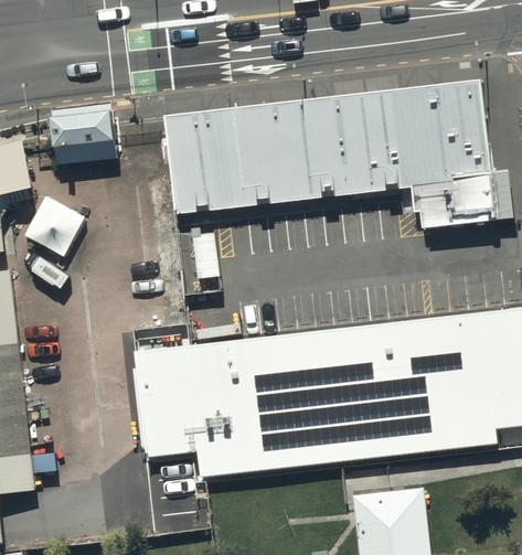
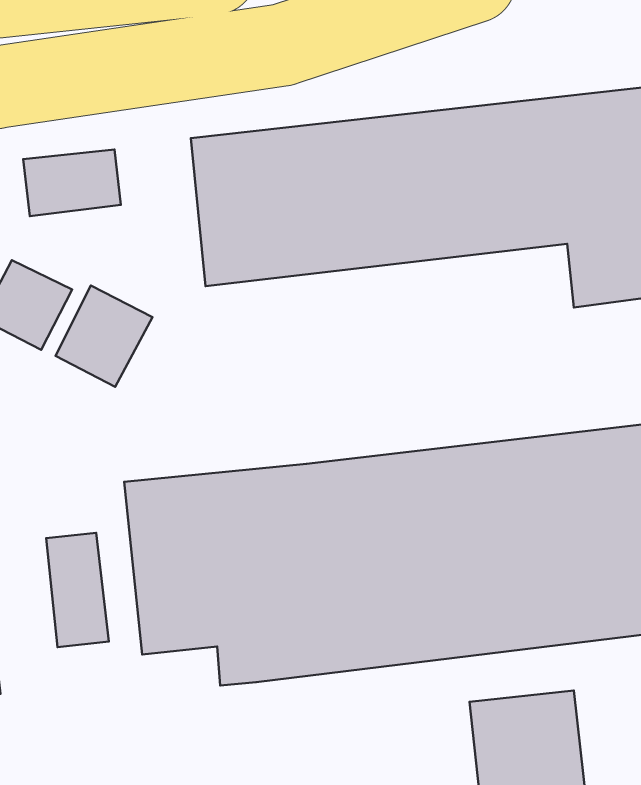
building: none -> [55,285,152,387]
building: none -> [46,533,109,647]

